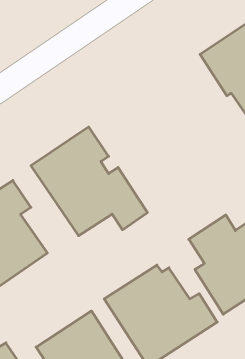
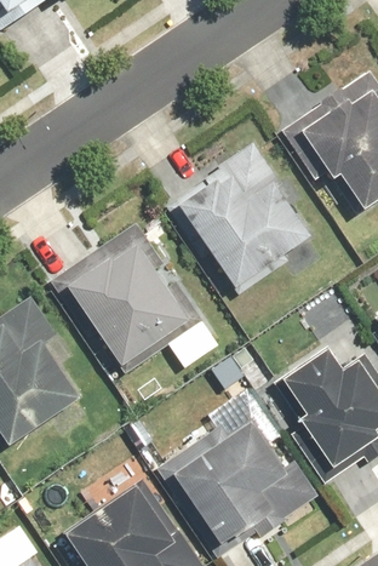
building: none -> [174,144,313,296]

